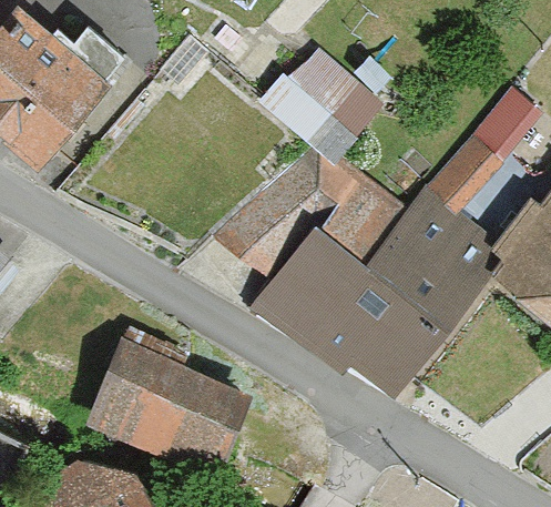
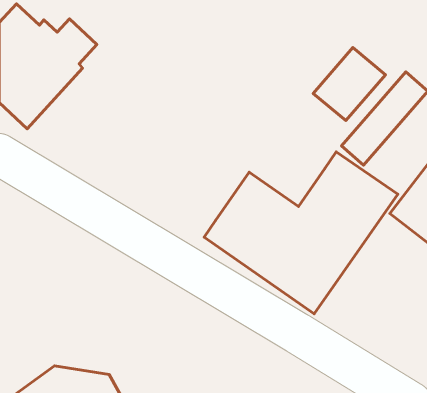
building: [267,49,358,141] -> [313,48,386,121]
building: [220,146,410,281] -> none
building: [91,343,249,475] -> none

